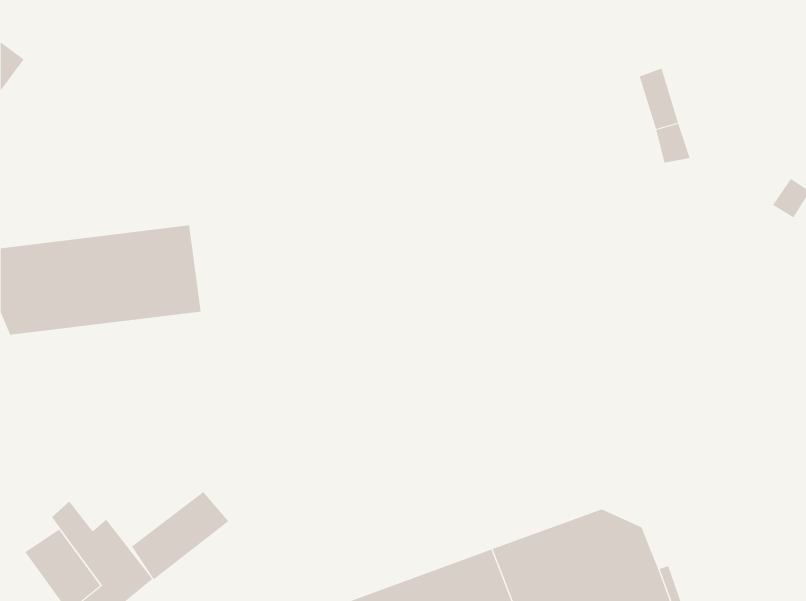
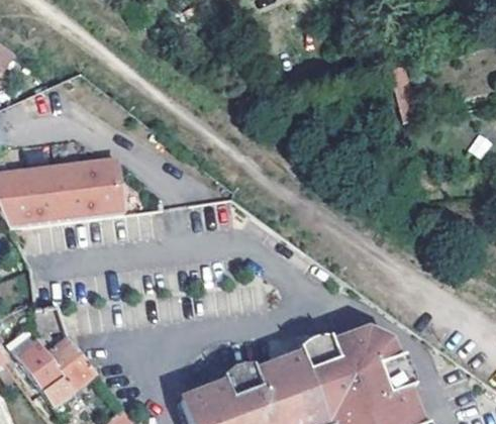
building: [131,491,229,580] -> none

